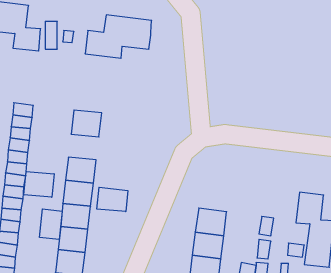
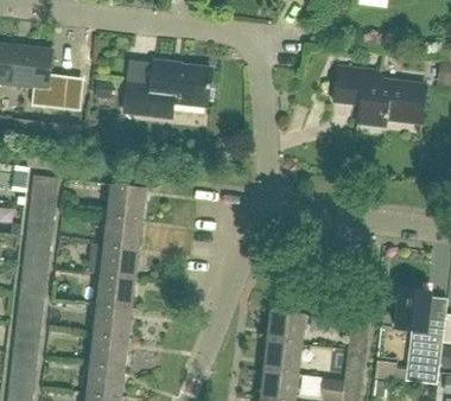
building: none -> [334,65,426,123]
building: none -> [103,214,142,247]
building: [24,171,54,197] -> none
building: [97,187,128,212] -> none
building: [40,209,62,240] -> none

